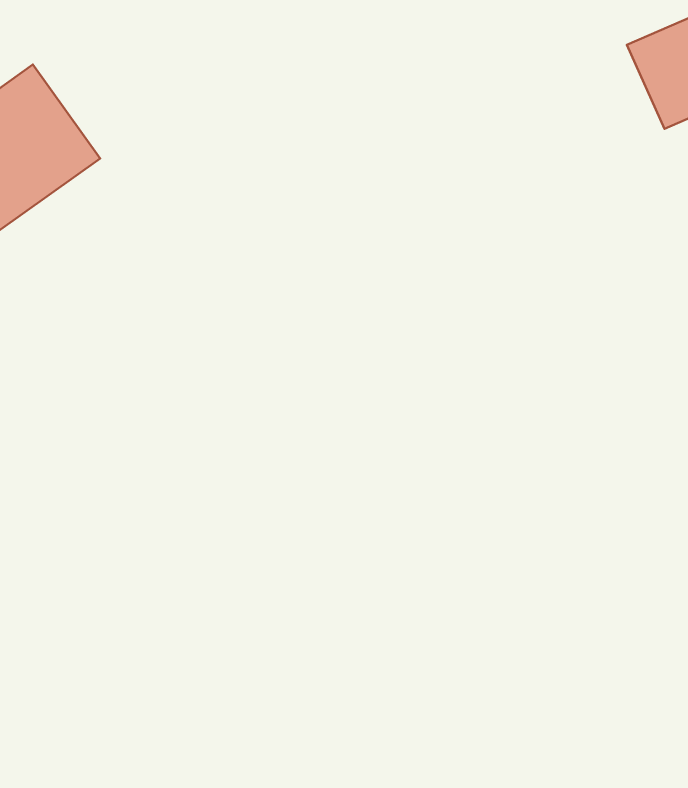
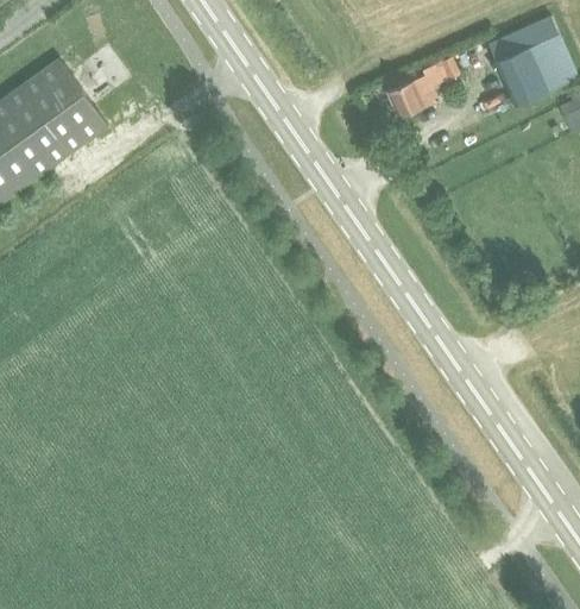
building: none -> [386,56,458,119]

